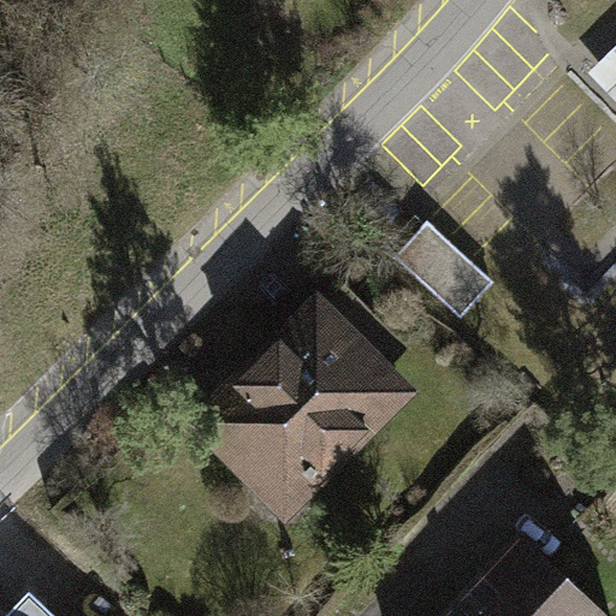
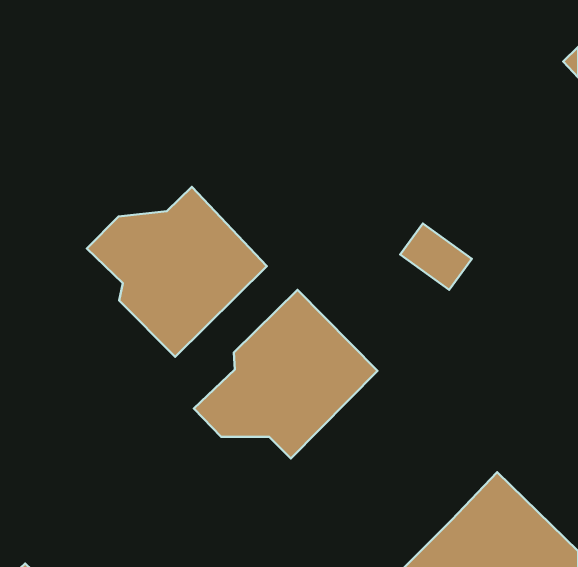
building: none -> [87,187,267,357]

